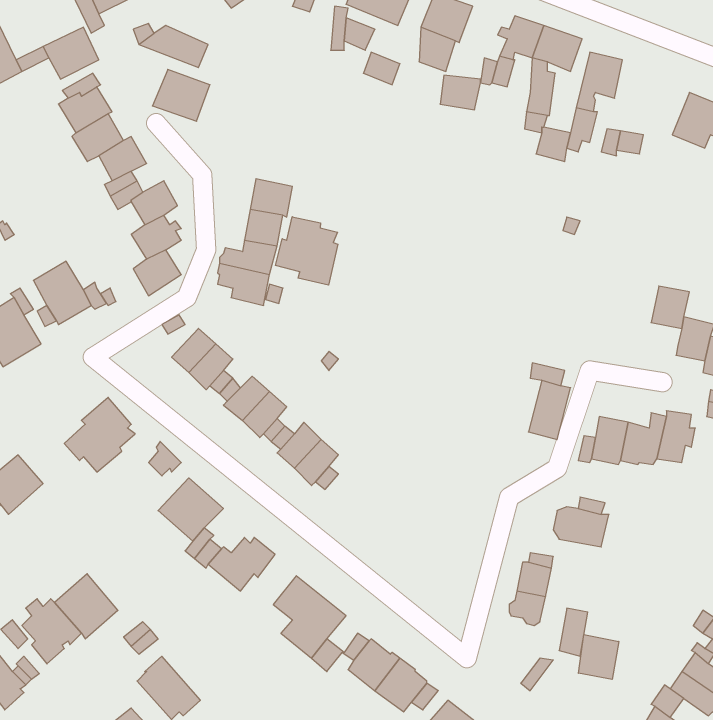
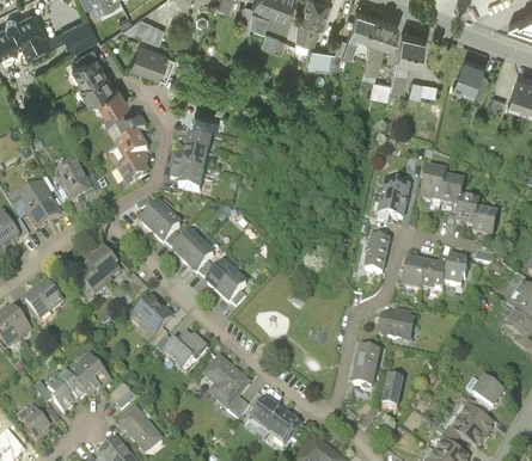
building: [276,217,338,285] -> none
building: none -> [422,170,447,202]
building: none -> [379,182,410,217]
building: [578,634,619,679] -> none

